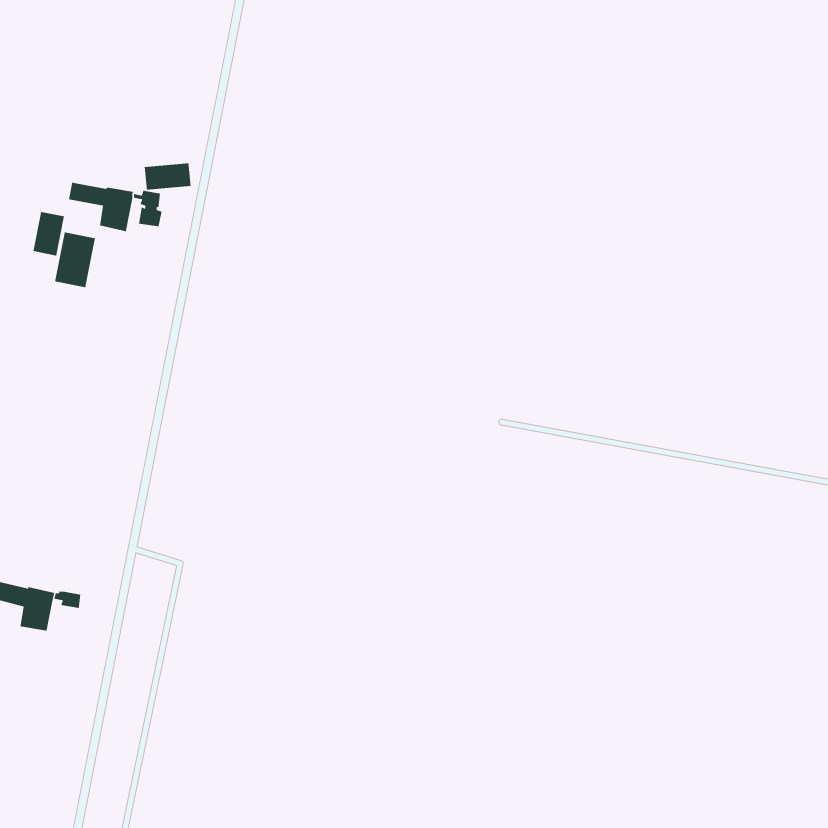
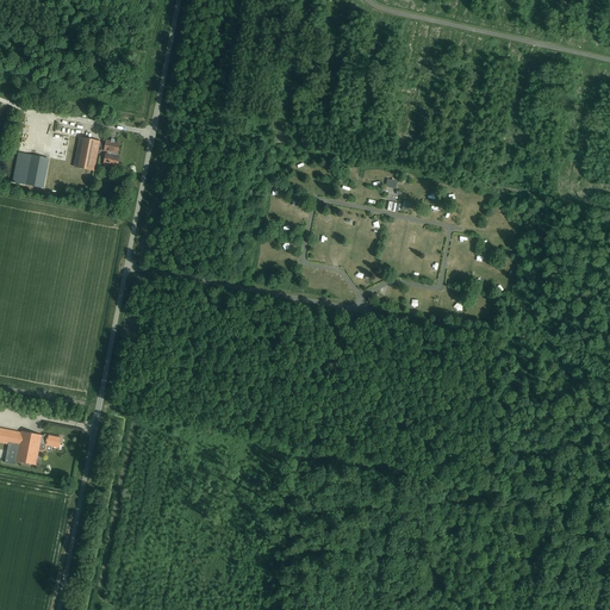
building: [144,162,191,191] -> none
building: [54,231,96,288] -> none

